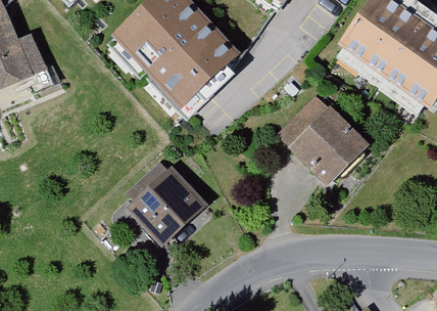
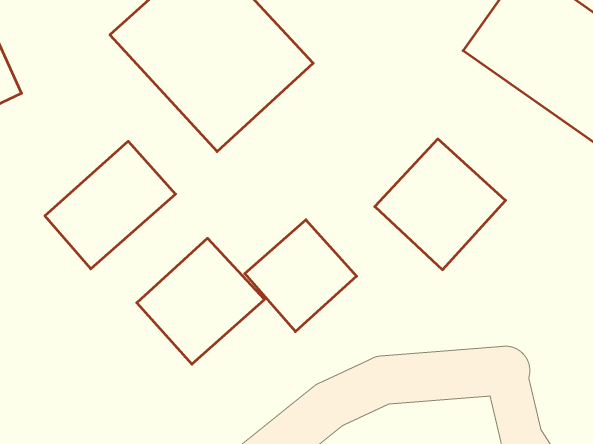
building: none -> [45,141,176,269]
building: none -> [245,220,357,332]

